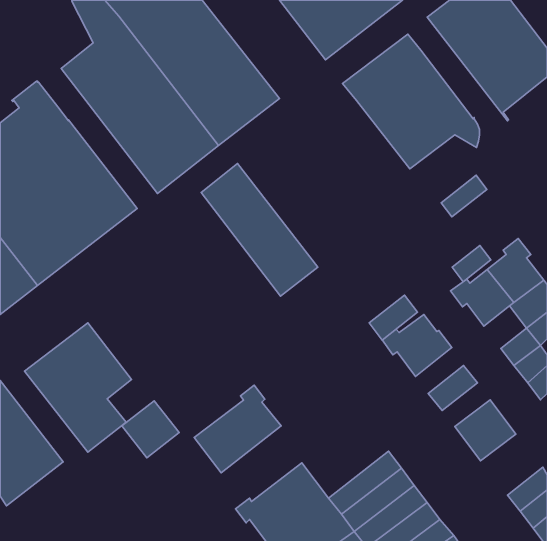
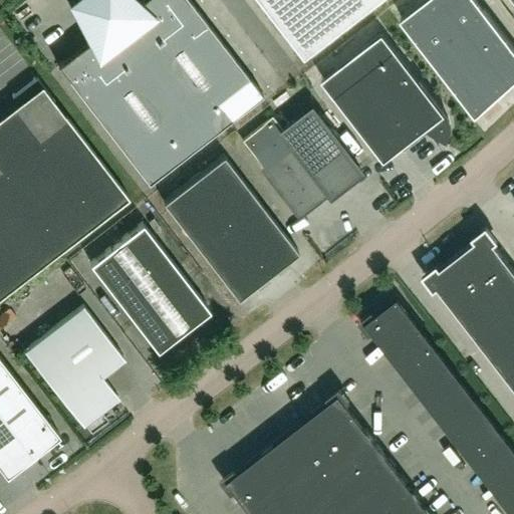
building: none -> [242,112,361,220]
building: [441,175,487,217] -> none
building: none -> [163,186,263,302]
building: none -> [89,227,207,350]
building: [452,245,491,282] -> none
building: [369,295,417,340] -> [390,332,435,374]
building: none -> [454,292,494,332]
building: none -> [415,364,460,406]
building: [194,385,281,473] -> [283,391,364,473]
building: [122,401,179,458] -> none
building: none -> [451,413,509,470]

